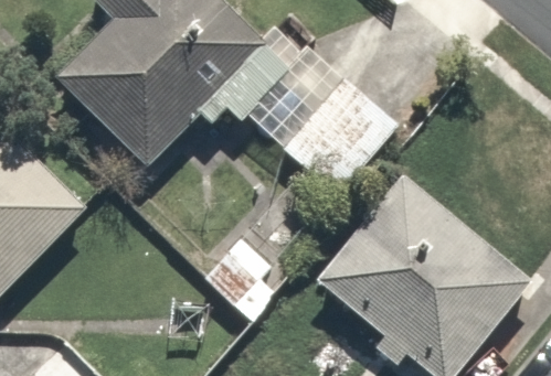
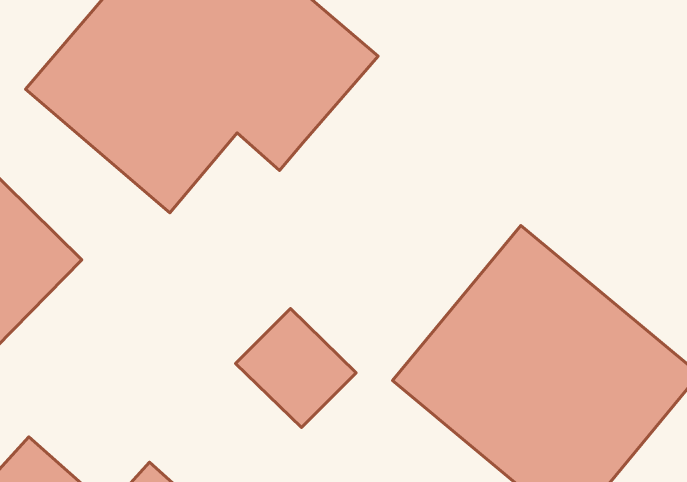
building: [246,58,396,217] -> none

